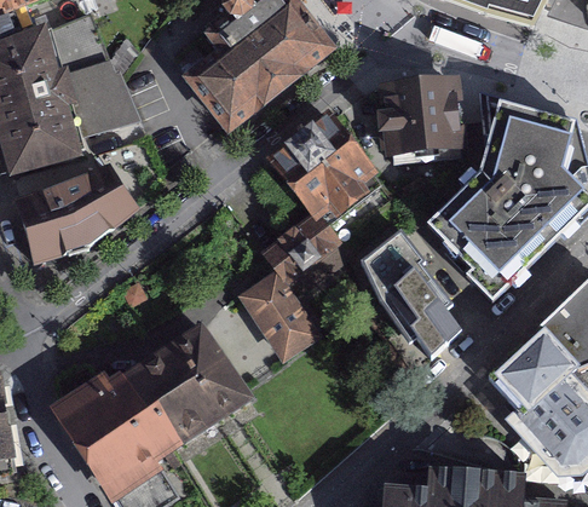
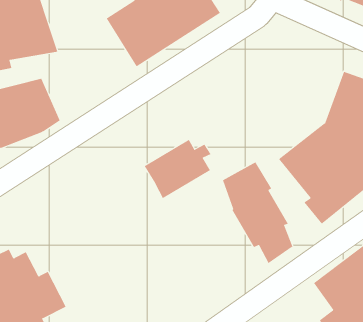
building: [387,81,460,162] -> none
building: [275,119,377,223] -> none
building: [242,271,317,355] -> none
building: [125,325,246,438] -> none

